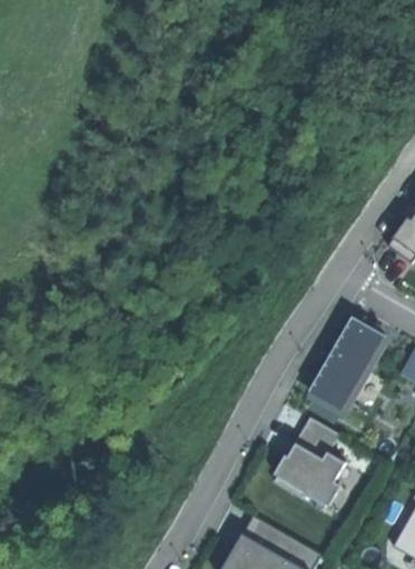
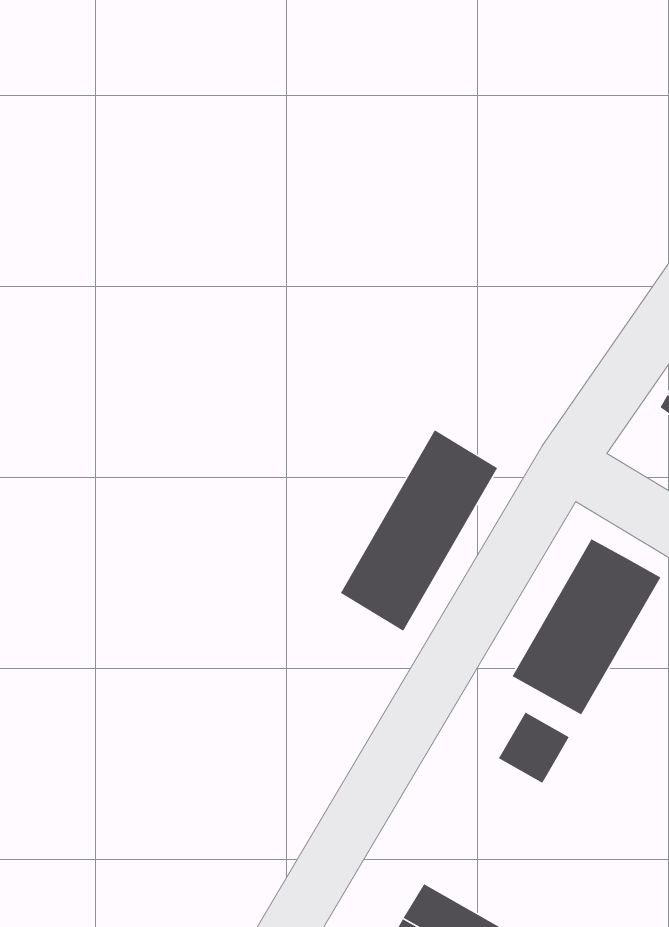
building: none -> [340,429,498,632]
building: [274,445,342,503] -> none

